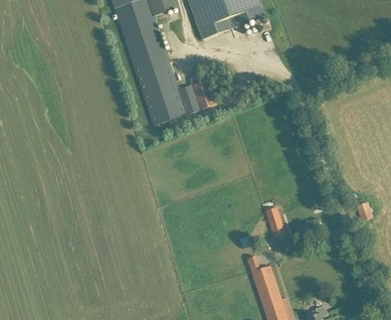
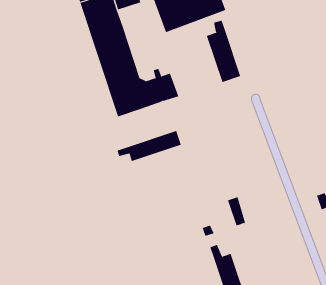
building: none -> [206,20,241,83]
building: none -> [117,130,181,162]

